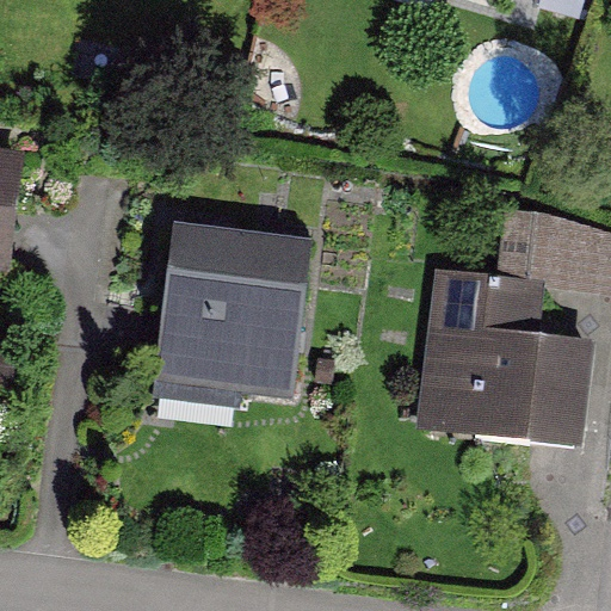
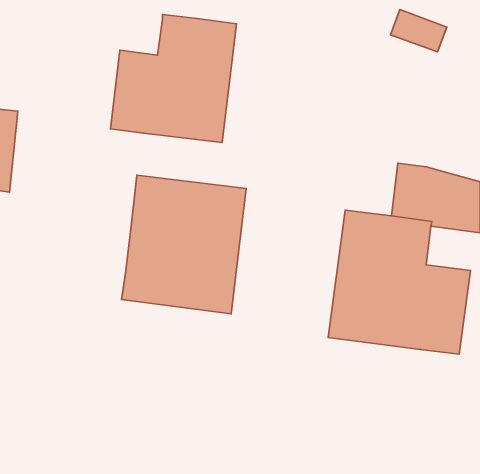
building: none -> [110,15,237,143]

